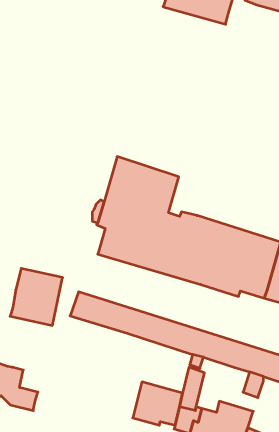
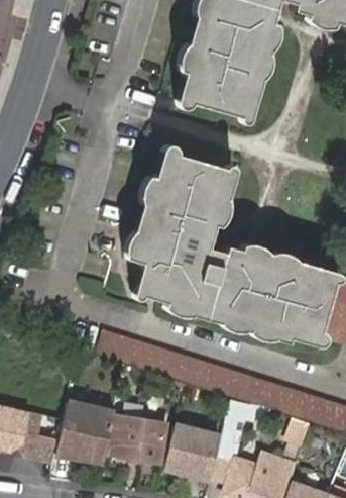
building: none -> [184,17,268,116]
building: none -> [149,152,227,204]
building: [10,268,63,325] -> [60,398,117,461]
building: none -> [115,414,170,462]

